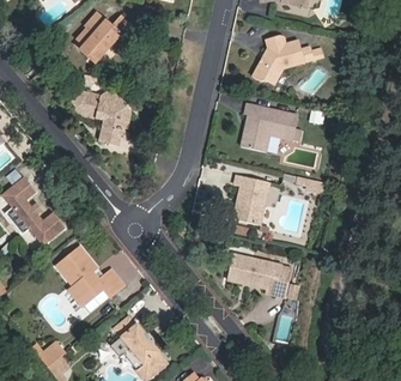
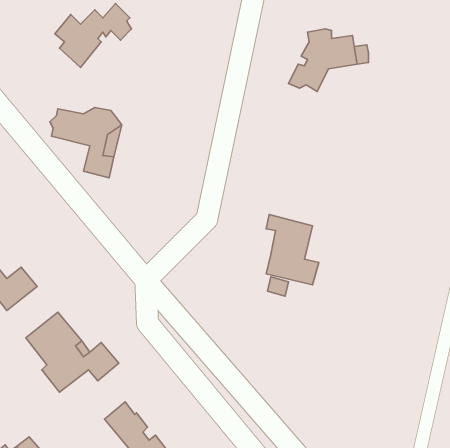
building: [243,103,297,152] -> none
building: [225,253,290,297] -> none

